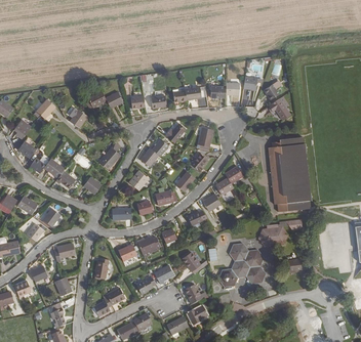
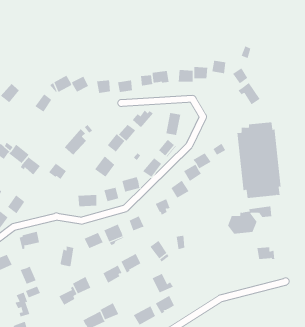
building: [217,243,265,286] -> none

